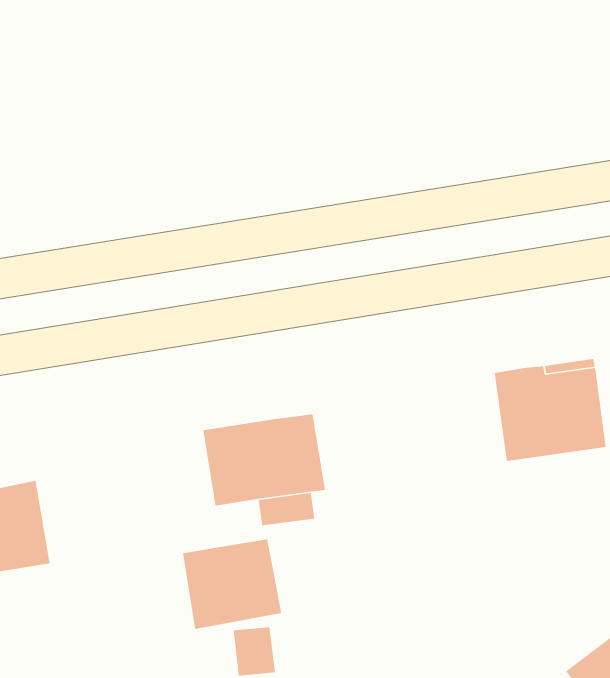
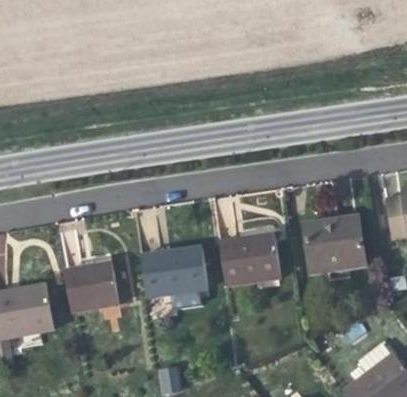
building: none -> [219,232,282,286]
building: [182,539,282,630] -> [64,262,120,313]

